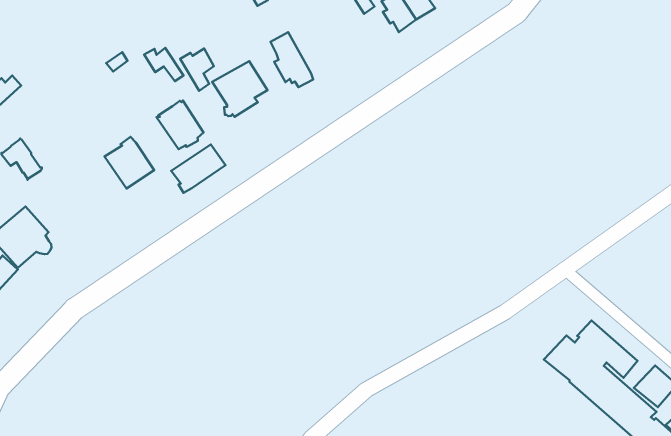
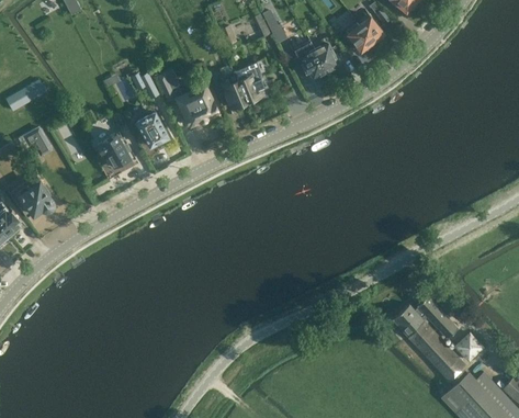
building: none -> [235,66,263,103]
building: [171,144,226,193] -> none

